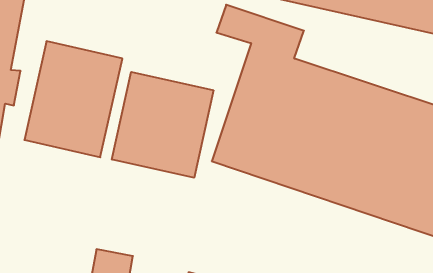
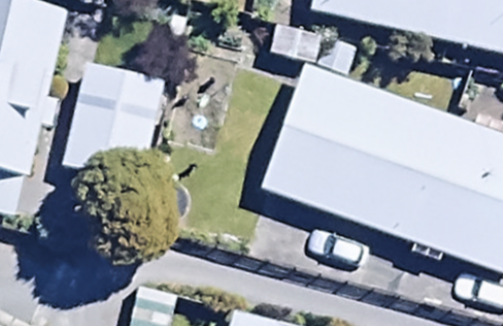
building: [112,72,213,178] -> none

